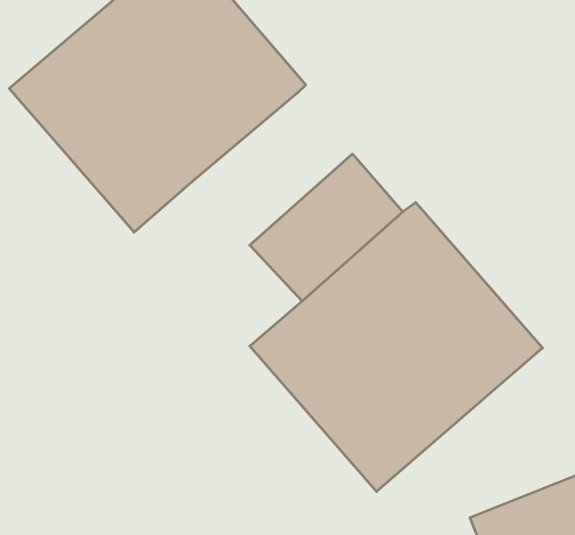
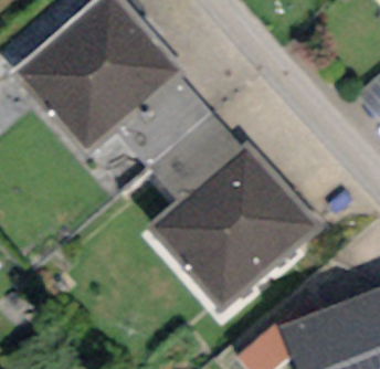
building: none -> [116,74,211,165]

